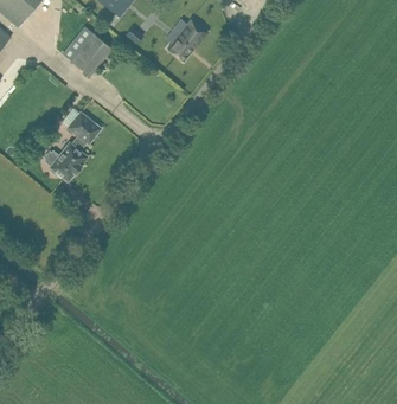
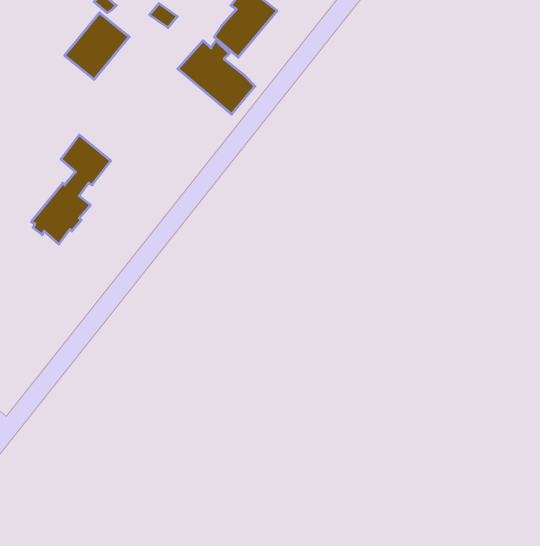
building: none -> [178,41,255,114]

